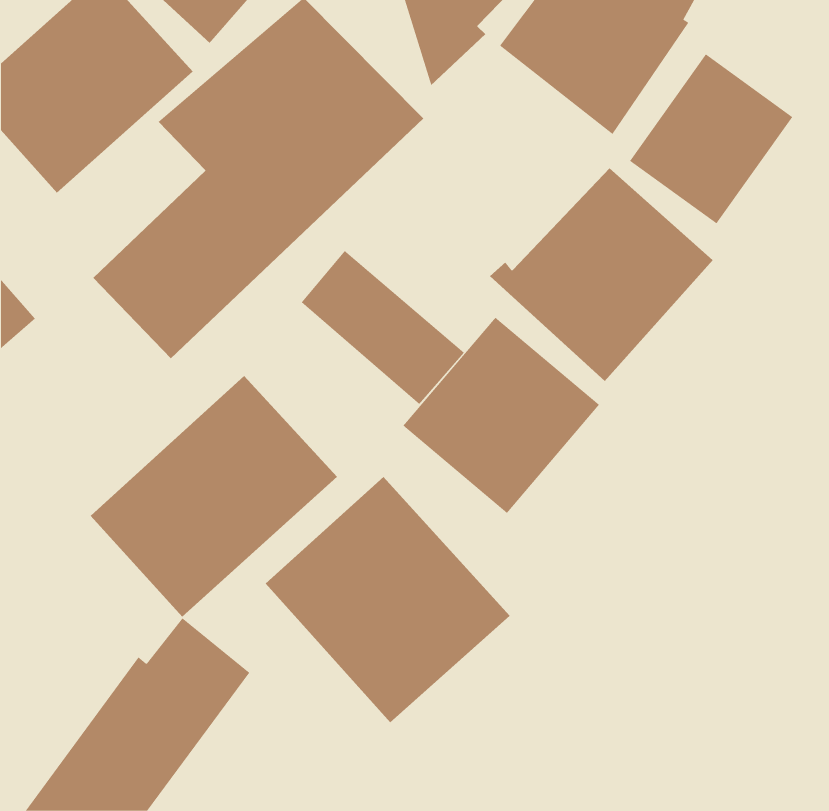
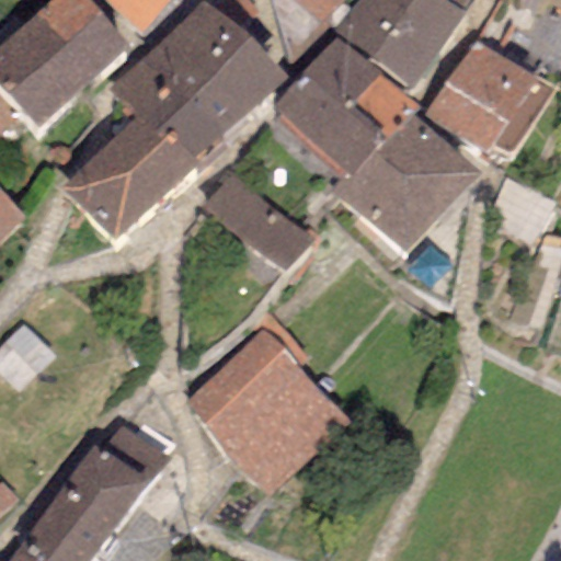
building: none -> [270,36,417,182]
building: [403,317,600,514] -> none
building: [90,375,338,618] -> none

